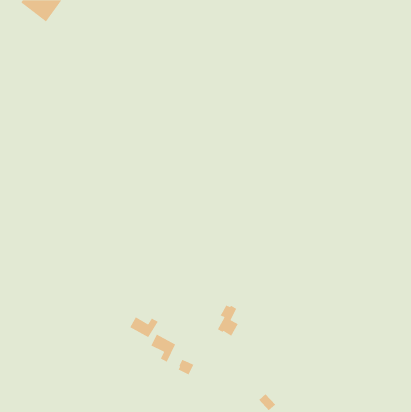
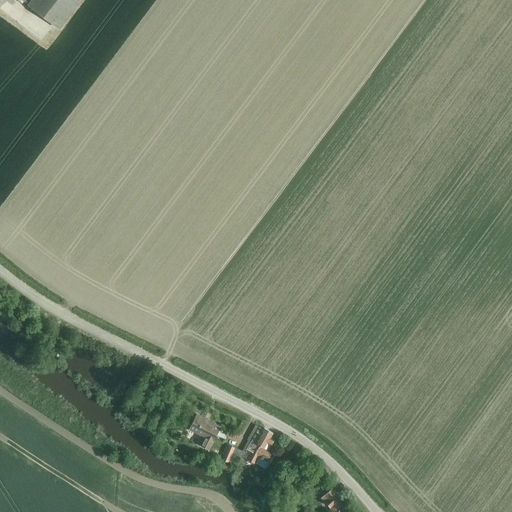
building: [217,304,239,337] -> [245,427,272,467]
building: [129,316,159,338] -> none

